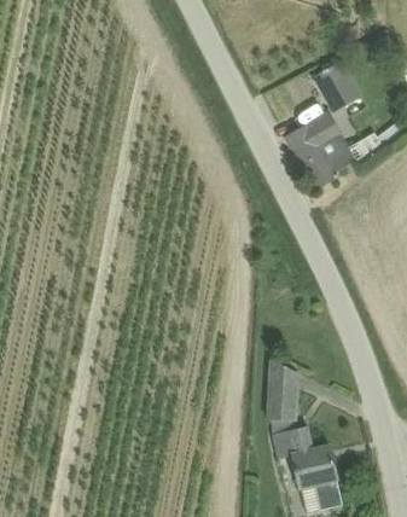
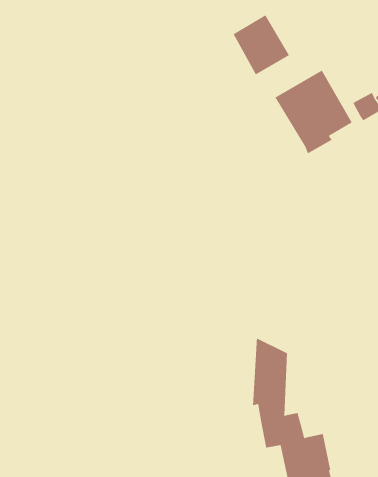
building: [313,58,365,114] -> [233,14,290,75]

